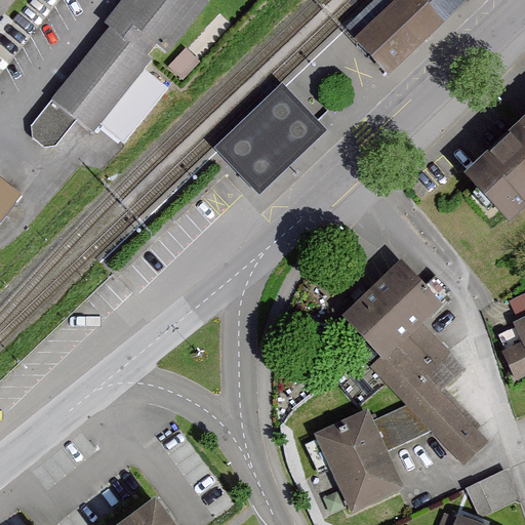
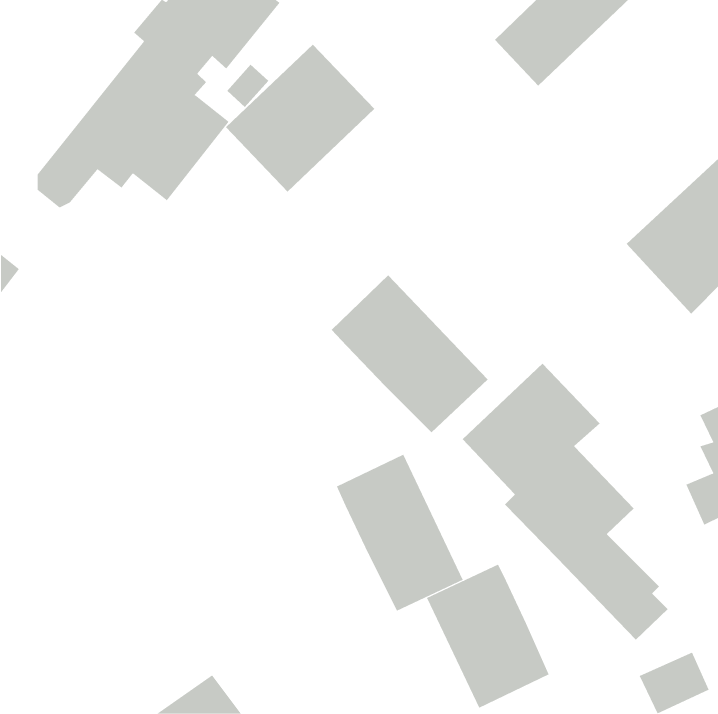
building: [221,79,330,187] -> [225,44,375,192]
building: none -> [331,275,488,433]
building: none -> [336,454,464,612]
building: [371,404,432,451] -> none

